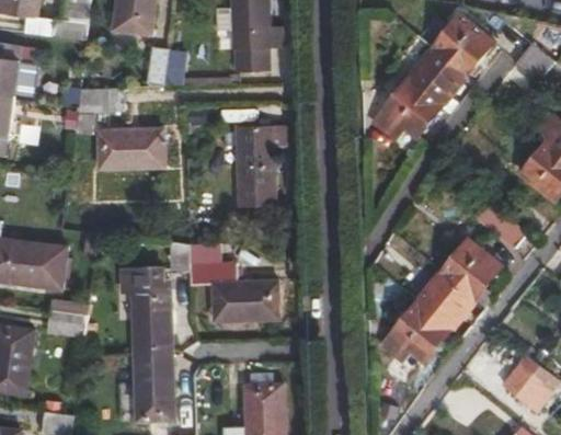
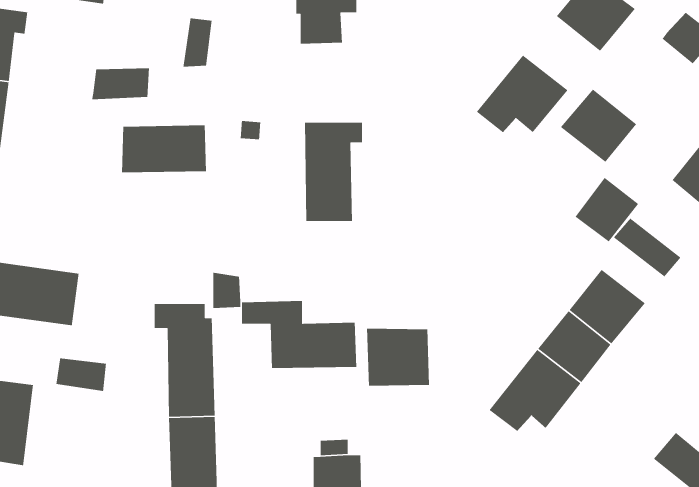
building: [407,47,466,104] -> [560,88,637,163]
building: none -> [575,177,639,243]
building: none -> [366,328,430,386]

